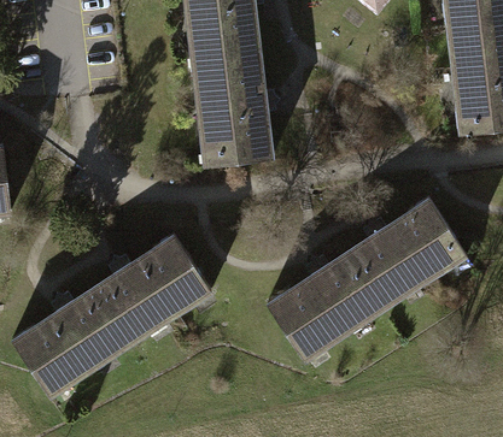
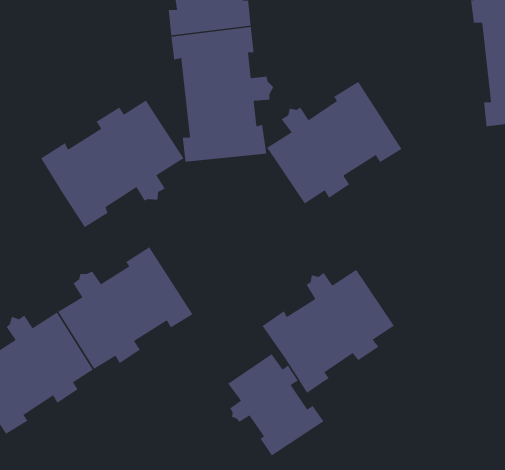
building: none -> [40,100,184,228]
building: [349,199,464,303] -> [266,81,403,204]
building: none -> [227,353,324,457]

